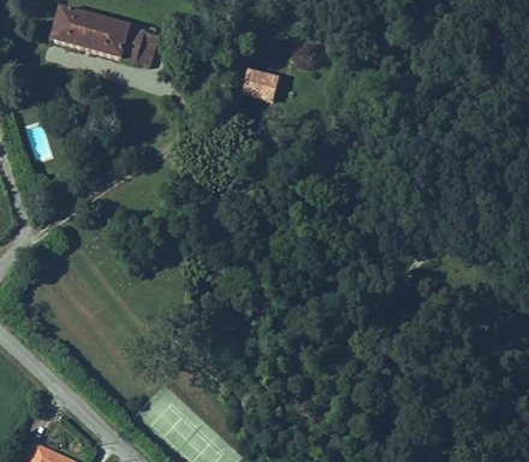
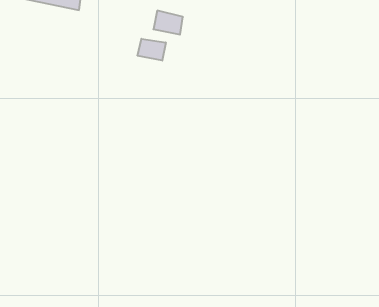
building: none -> [138,39,166,61]

